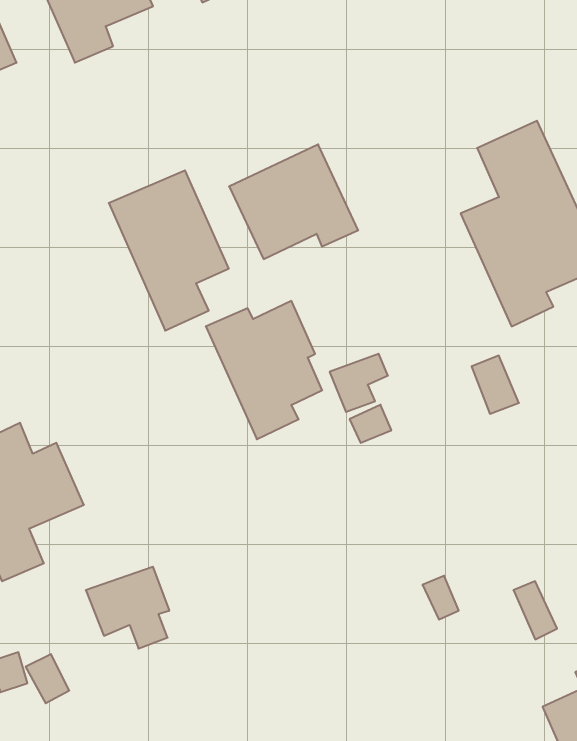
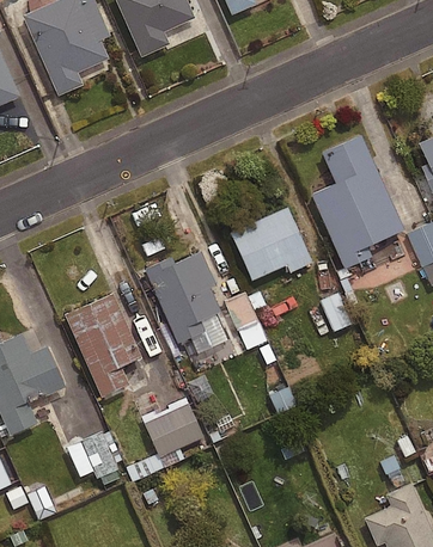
building: [229,144,358,259] -> [228,205,313,281]
building: [109,170,229,331] -> [63,293,142,398]
building: none -> [142,397,200,450]

